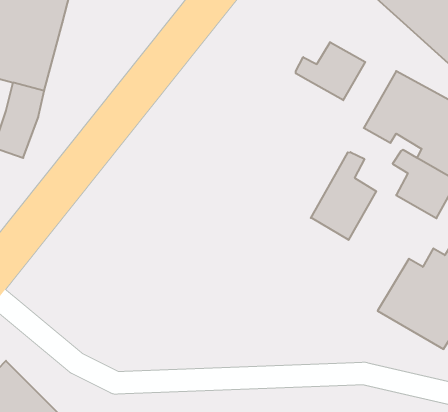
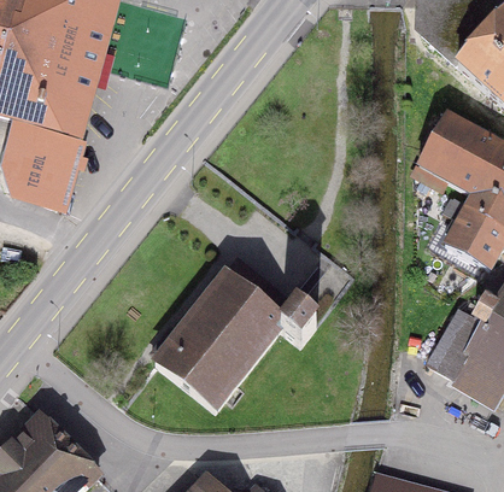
building: [296,42,365,100] -> none
building: [311,152,376,240] -> none
building: none -> [152,271,316,409]

